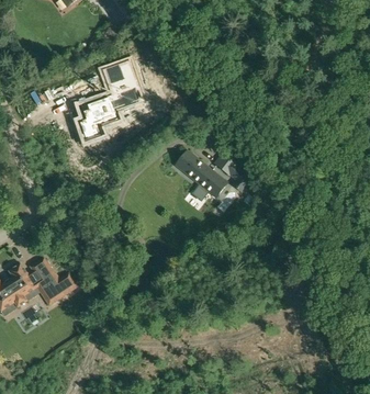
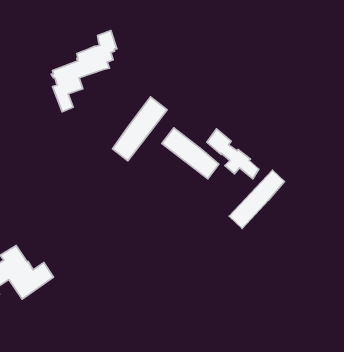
building: none -> [113,97,167,161]
building: none -> [229,170,284,229]

